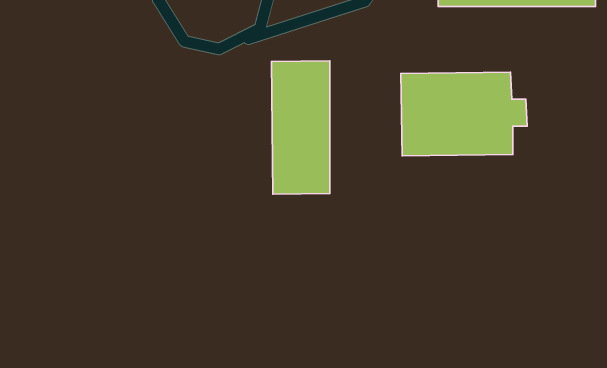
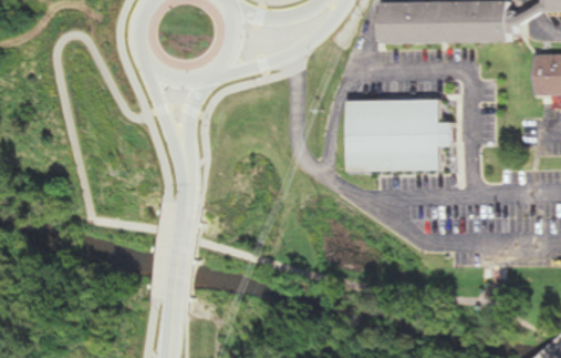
building: [271,61,330,194] -> none

